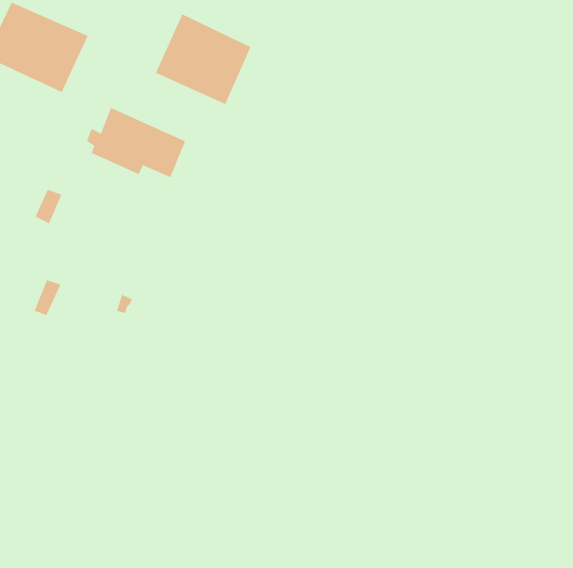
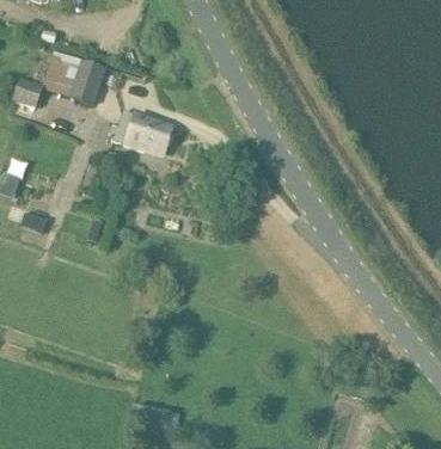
building: [155,13,251,105] -> none

